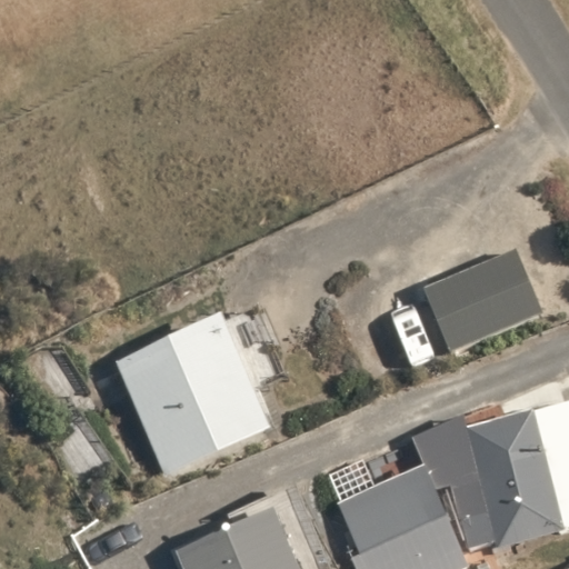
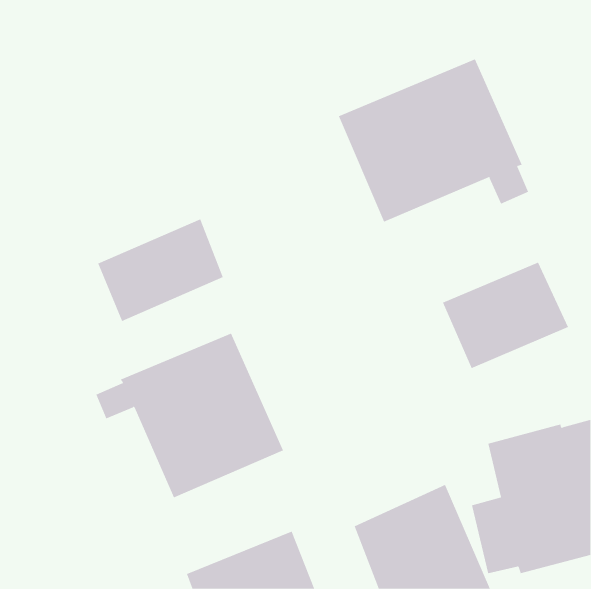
building: none -> [338,59,529,222]
building: none -> [97,219,224,322]

